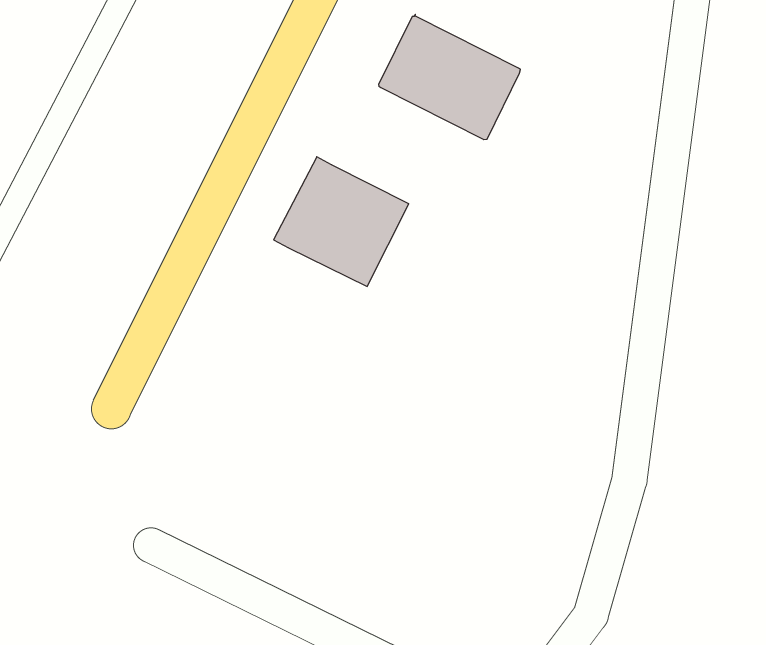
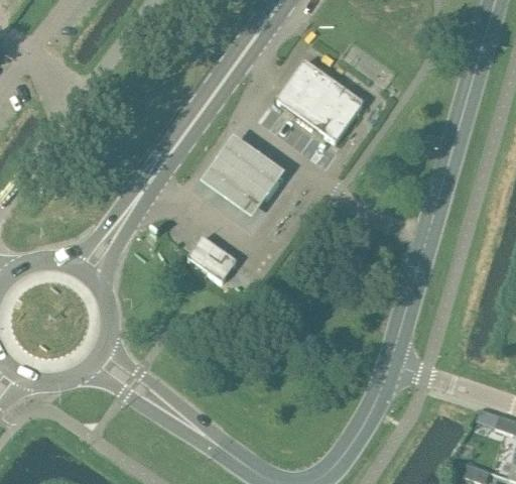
building: none -> [188,236,236,280]

